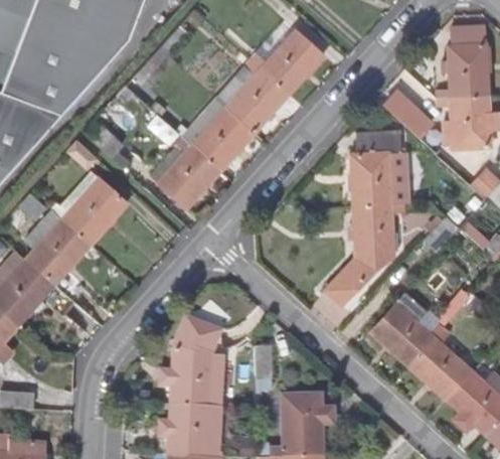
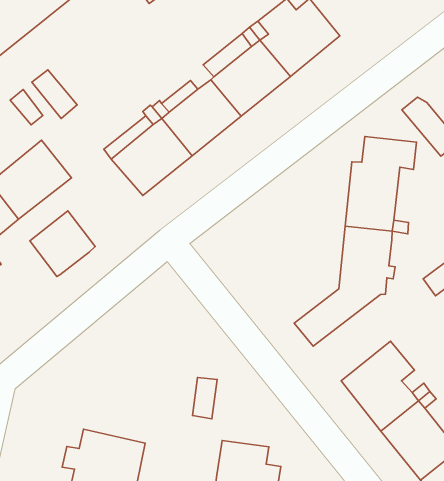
building: none -> [30,211,95,276]
building: [159,316,224,407] -> none

